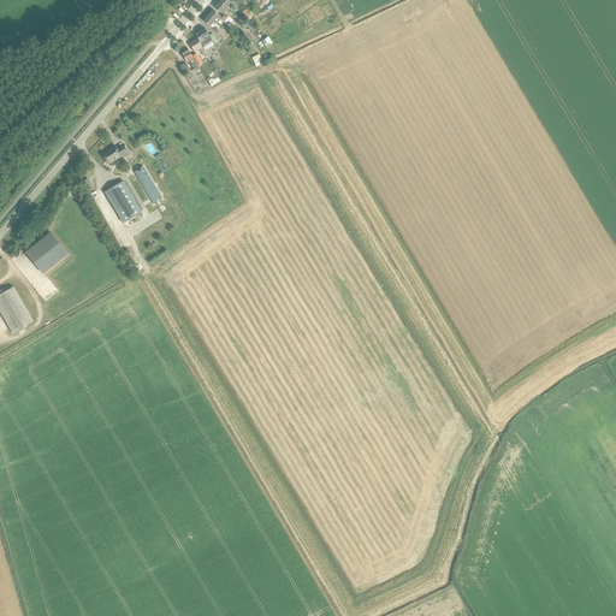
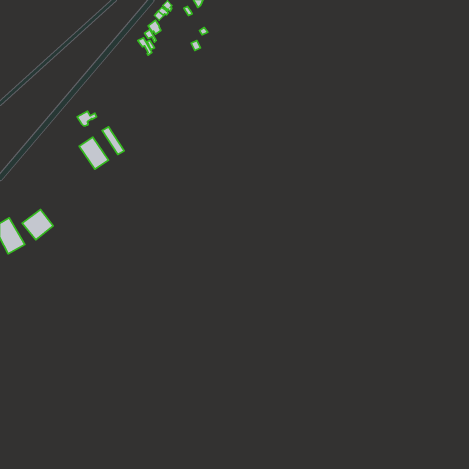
building: [25,232,66,272] -> [22,209,53,240]

